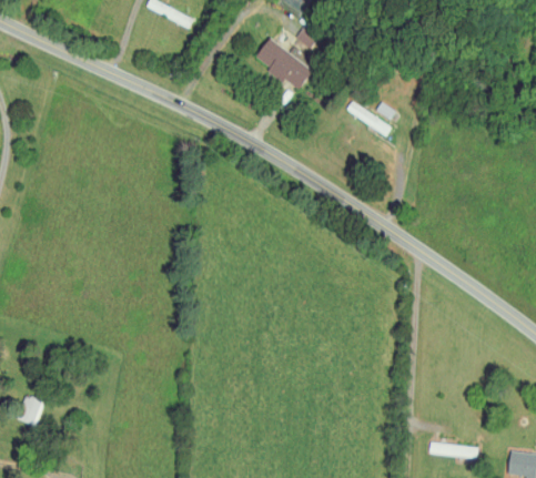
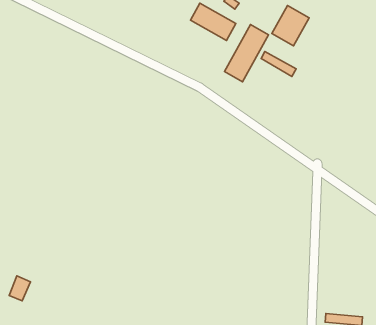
building: none -> [272,6,309,46]
building: none -> [225,24,269,82]

